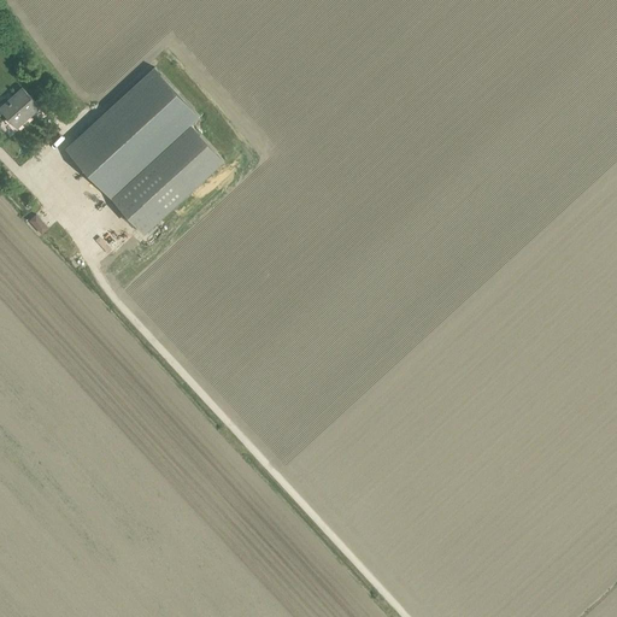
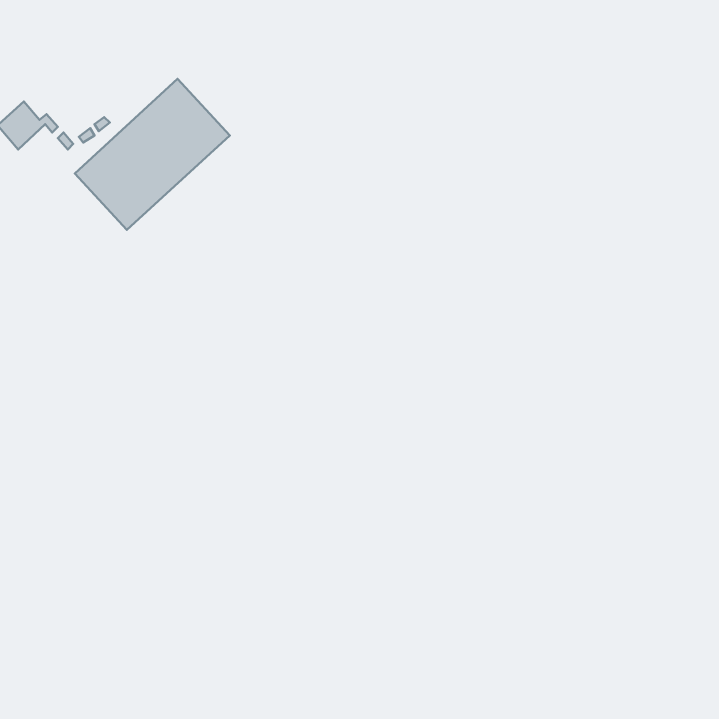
building: [110,125,223,235] -> none

